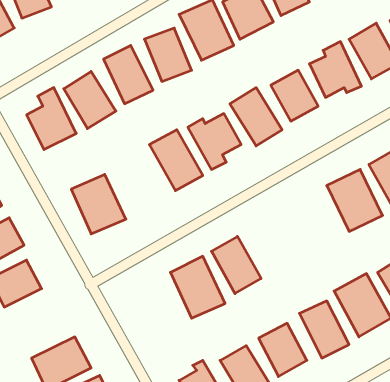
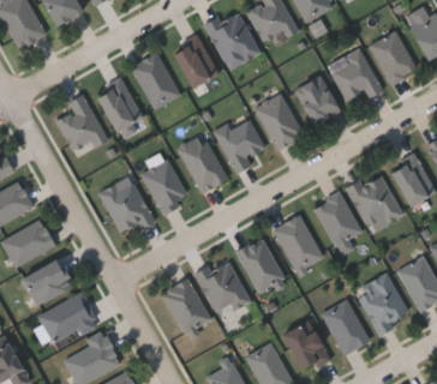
building: none -> [142,158,190,214]
building: none -> [313,192,361,254]
building: none -> [274,215,323,272]
building: none -> [161,277,211,335]
building: none -> [40,294,98,347]

